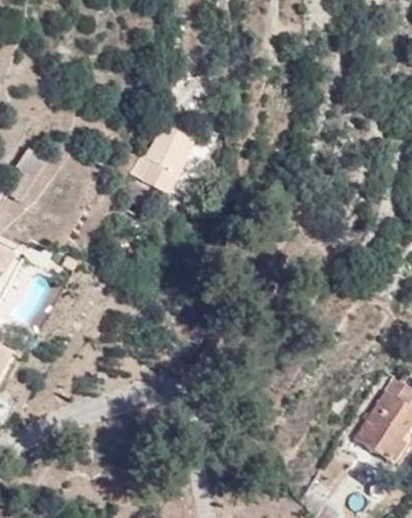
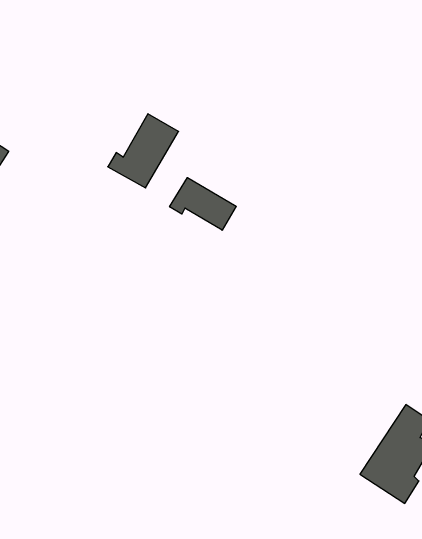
building: none -> [170,178,236,230]

